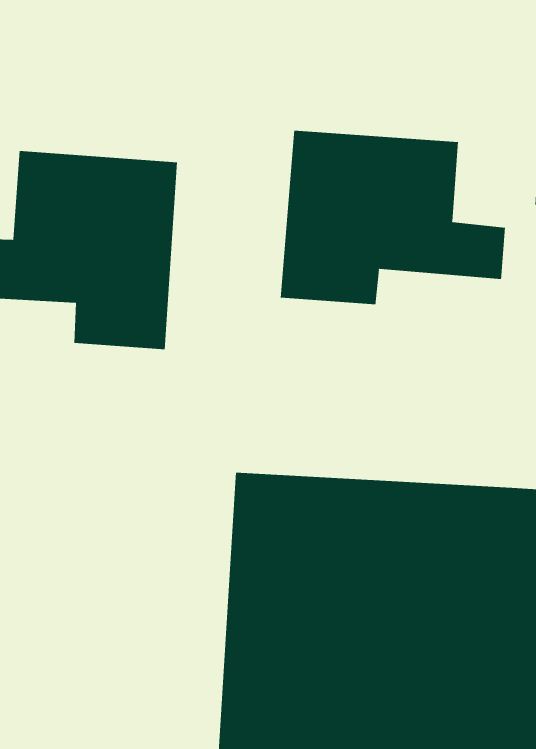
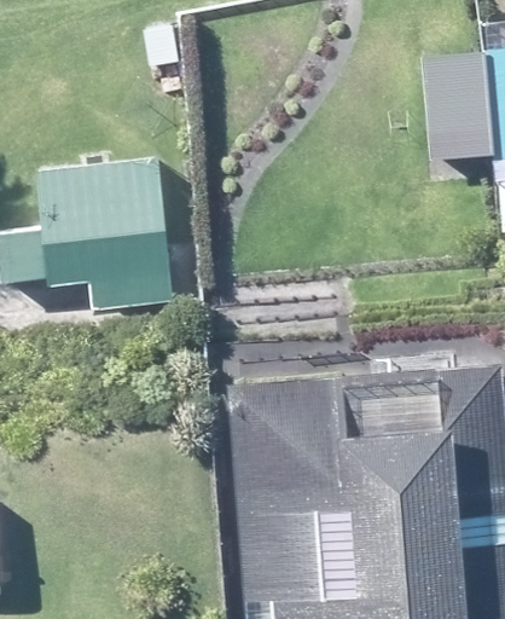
building: [280,130,505,305] -> none

